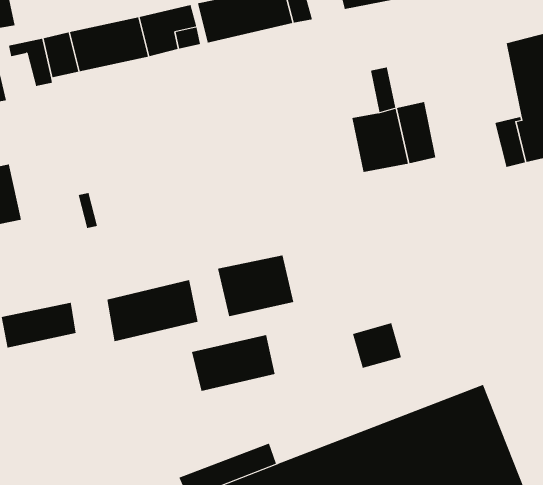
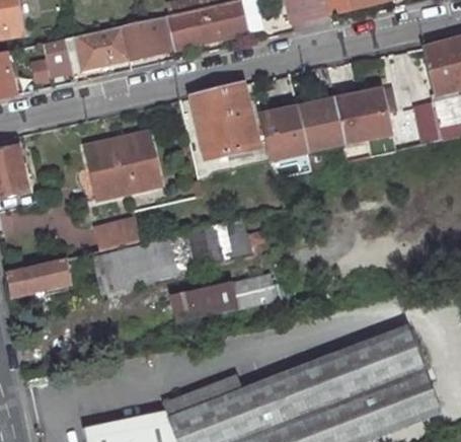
building: none -> [194,84,260,157]
building: none -> [358,89,401,159]
building: none -> [262,107,307,159]
building: none -> [91,133,164,198]
building: none -> [98,219,143,249]
building: [352,323,402,369] -> [235,270,276,307]

